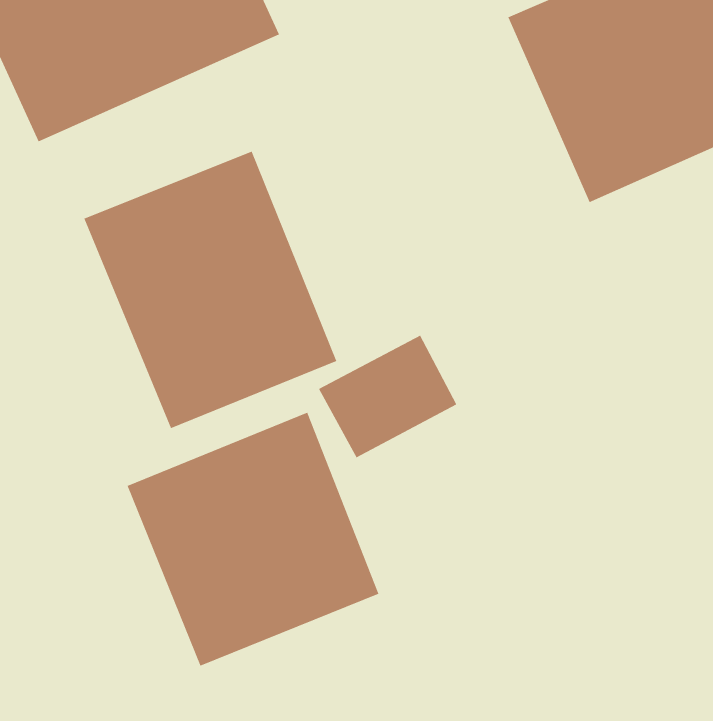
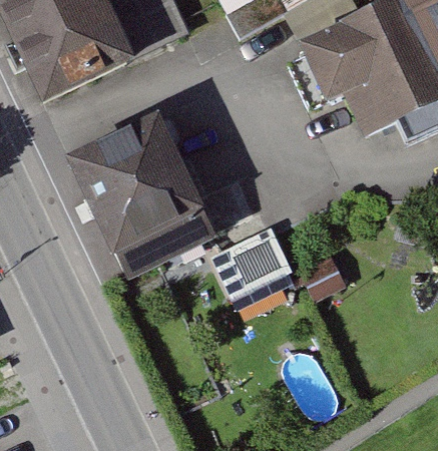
building: [127,412,379,667] -> none

